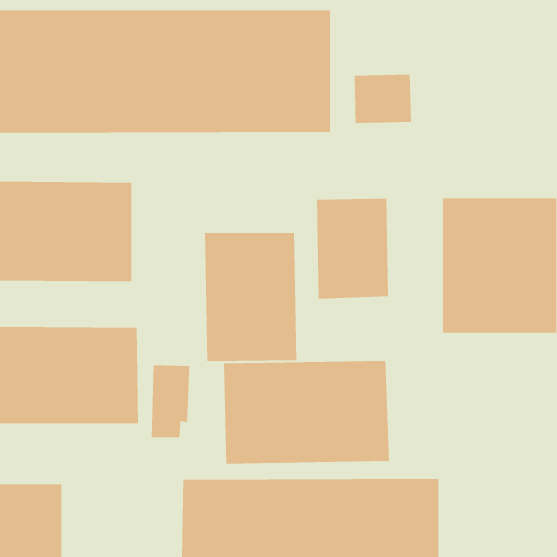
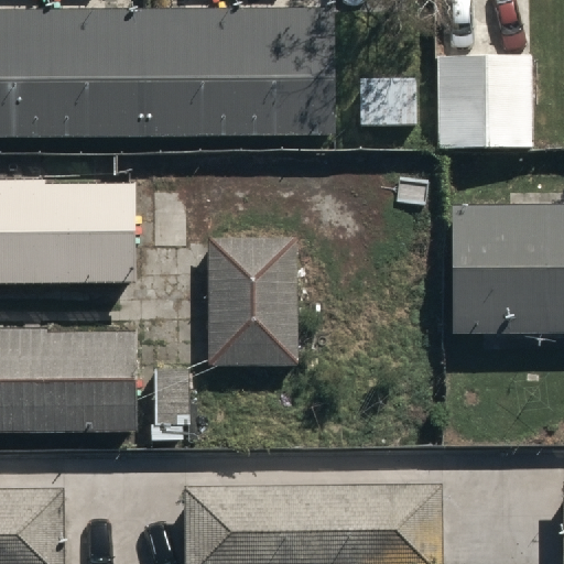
building: none -> [438,59,535,145]
building: [317,198,389,299] -> none
building: [224,360,390,464] -> none

